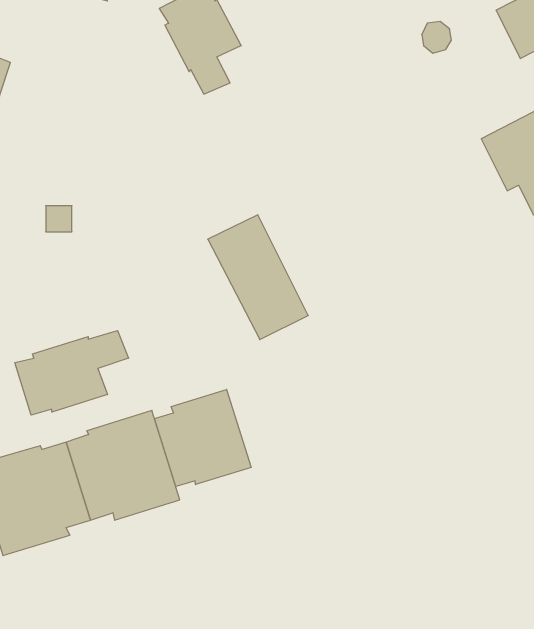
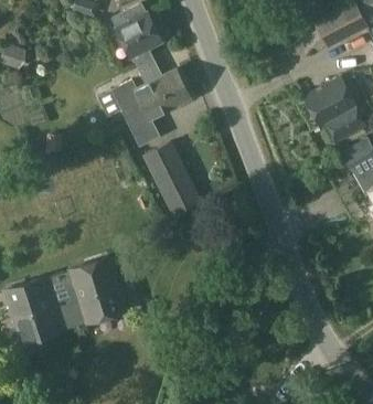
building: none -> [111,63,191,147]
building: [15,331,129,415] -> none
building: [154,389,251,487] -> none

